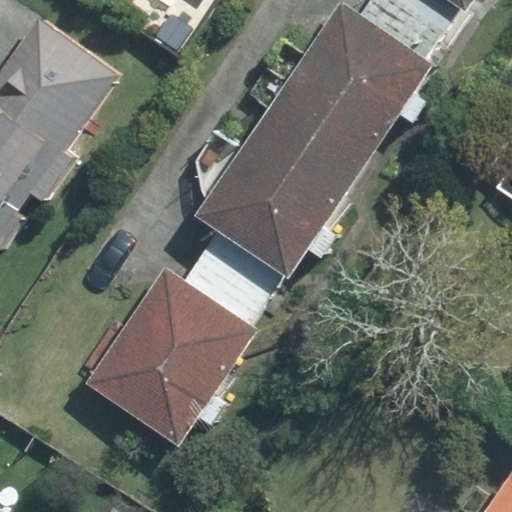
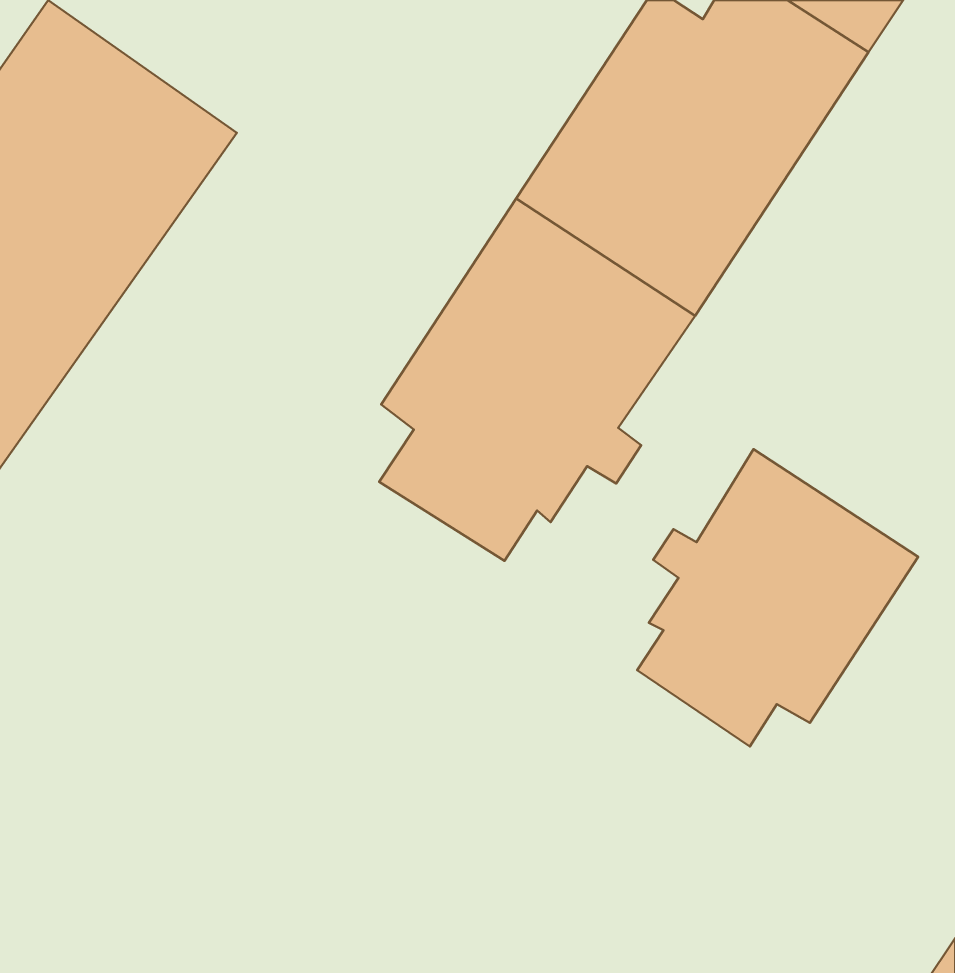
building: none -> [637,449,918,746]
building: [85,256,262,444] -> none

